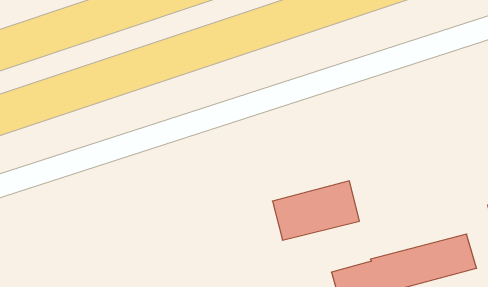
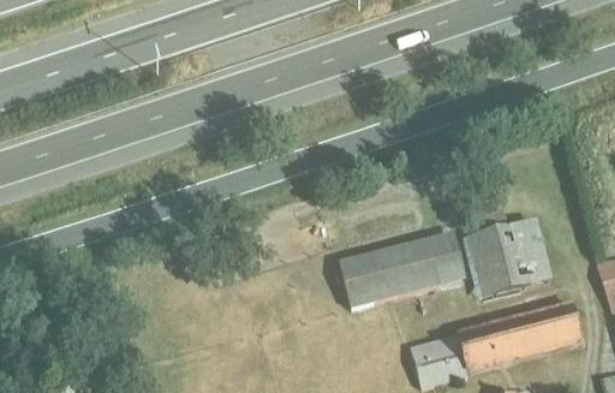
building: none -> [460,207,553,299]
building: none -> [431,231,466,285]

